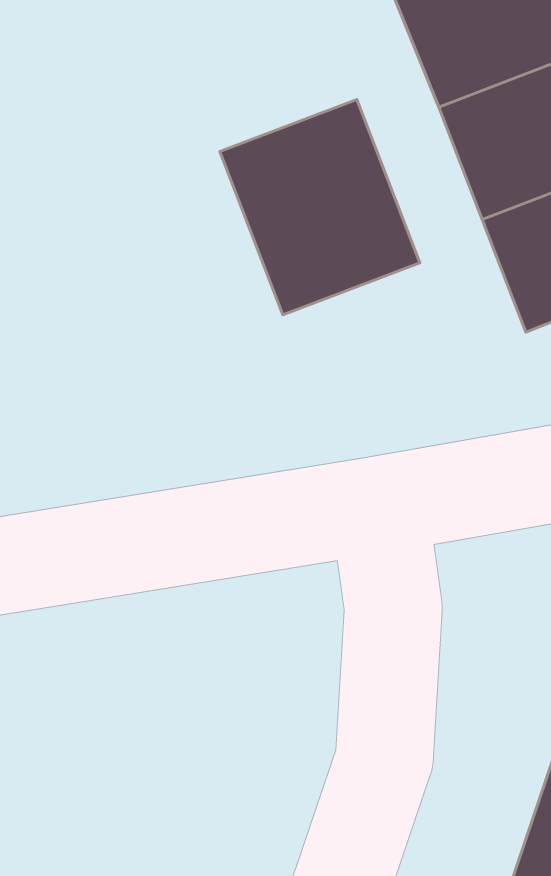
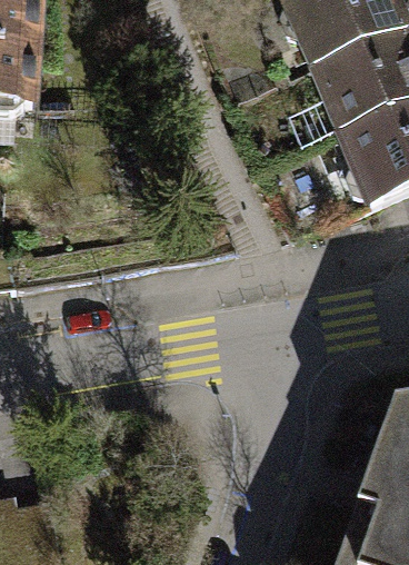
building: [220,99,420,315] -> none

